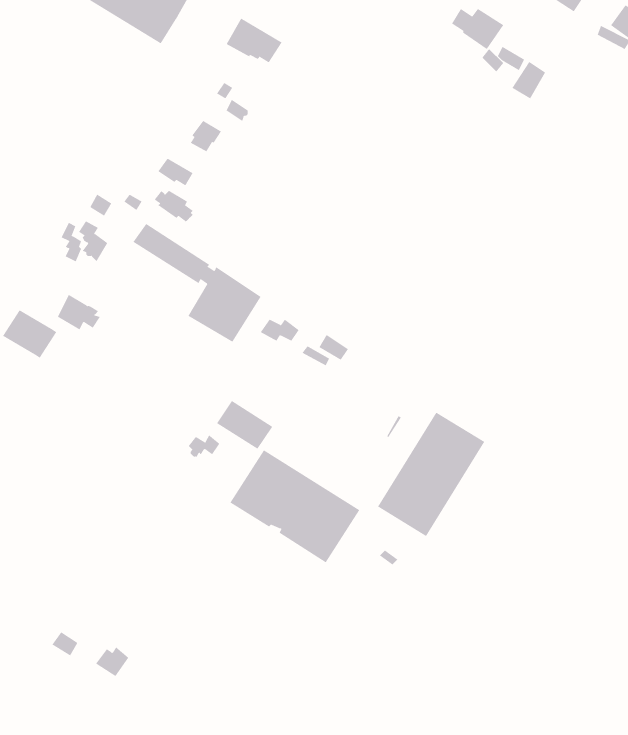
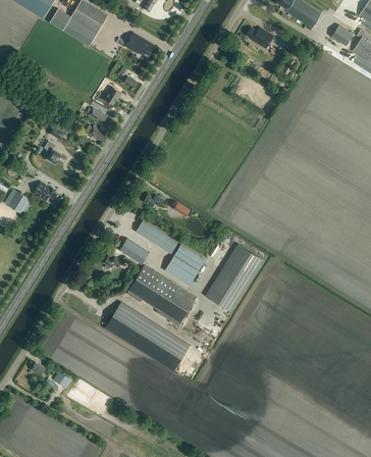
building: [133,223,261,342] -> [136,220,205,285]
building: none -> [105,301,191,370]

